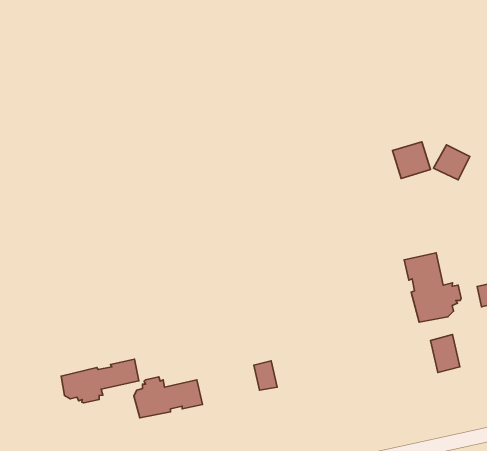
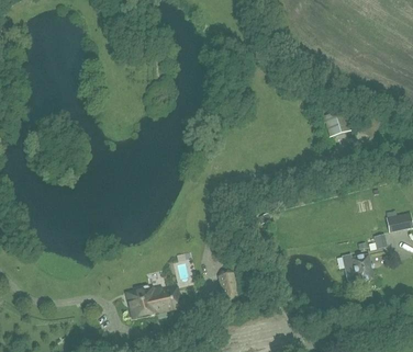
building: [404,253,461,322] -> none
building: [61,359,139,403] -> none

